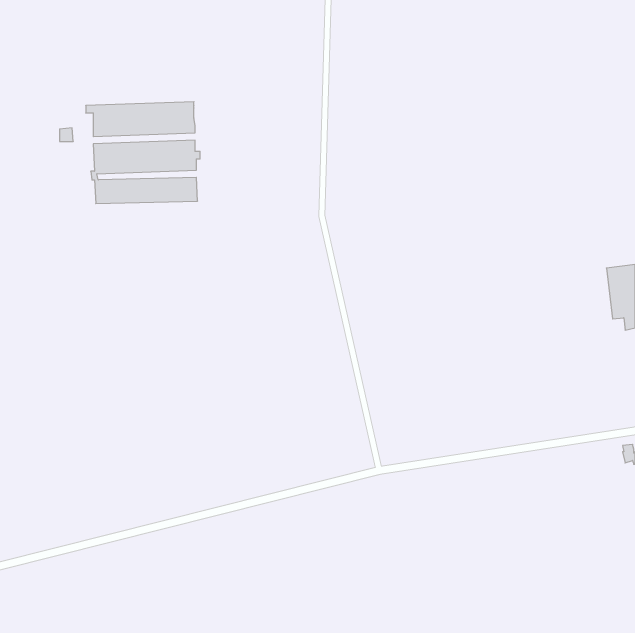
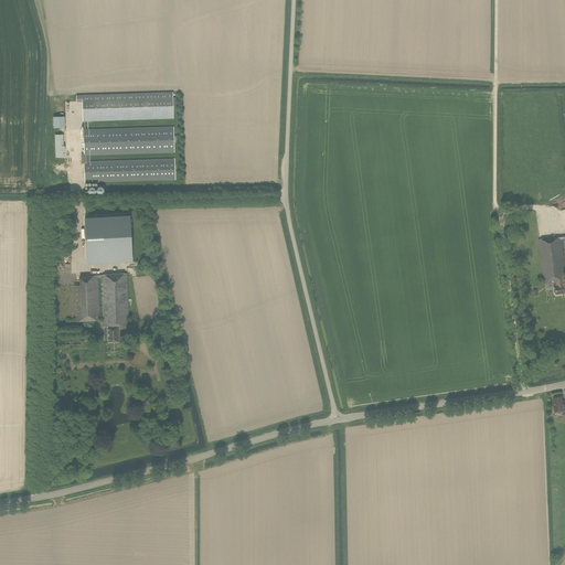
building: none -> [85,215,132,256]
building: none -> [74,271,130,341]

